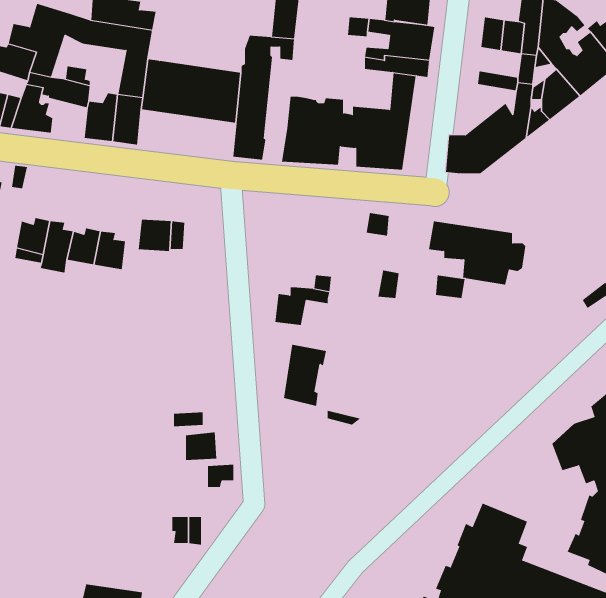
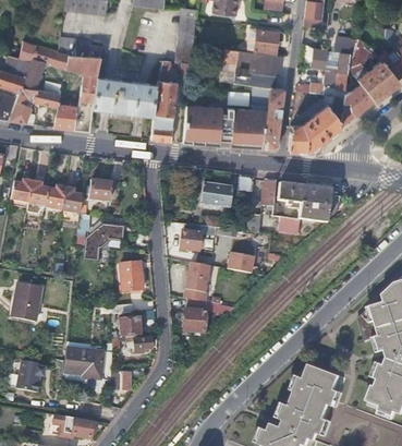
building: none -> [260,87,284,149]
building: none -> [259,179,283,216]
building: none -> [200,182,231,207]
building: none -> [84,225,123,260]
building: none -> [228,252,255,272]
building: none -> [121,262,143,291]
building: none -> [11,282,41,322]
building: none -> [183,297,206,330]
building: none -> [64,348,103,375]
building: none -> [17,361,47,393]

